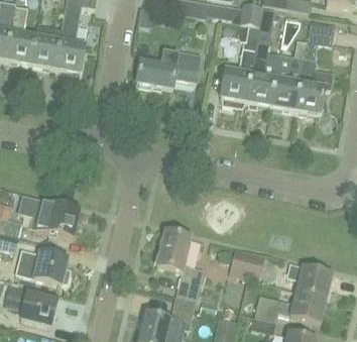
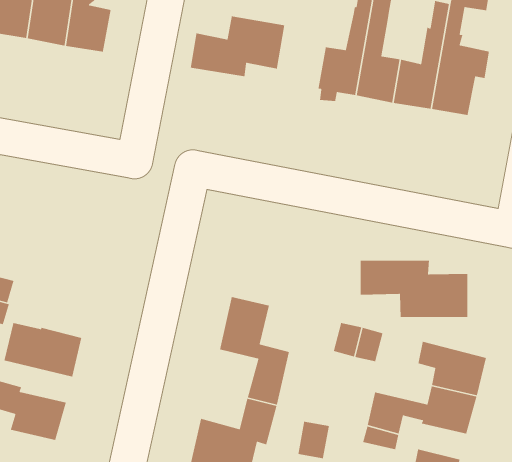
building: [18,196,79,237] -> none
building: none -> [360,260,468,318]

